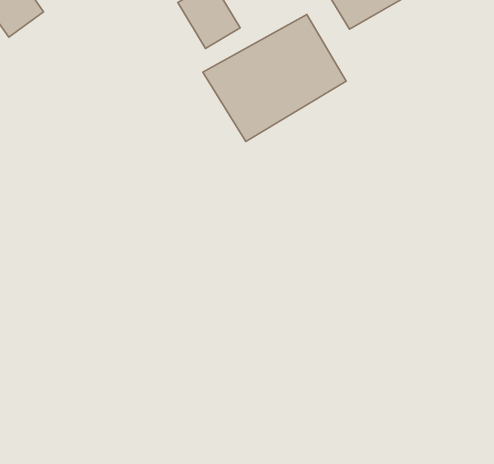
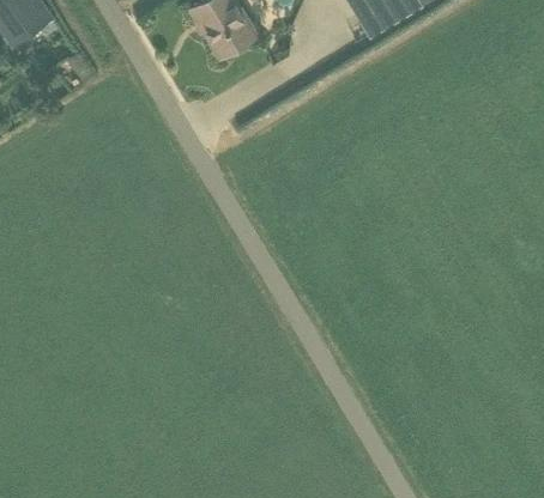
building: [203,15,346,141] -> none

